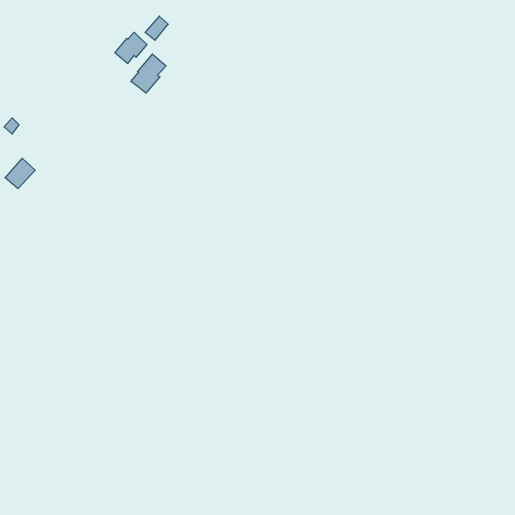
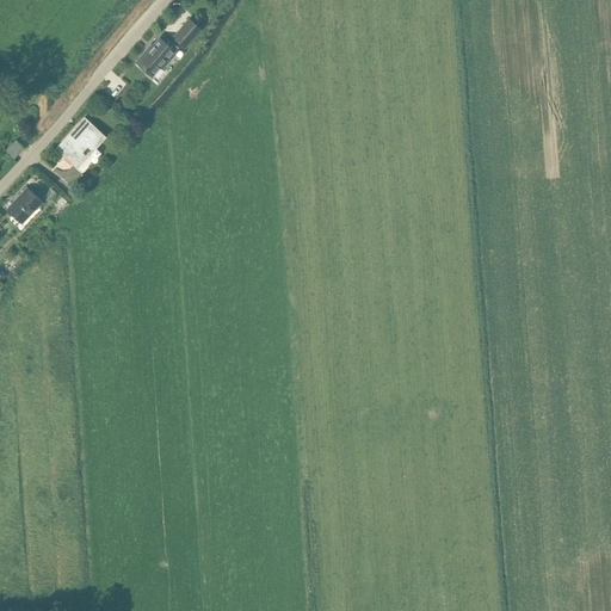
building: [131,54,166,93] -> none
building: none -> [56,119,104,167]

